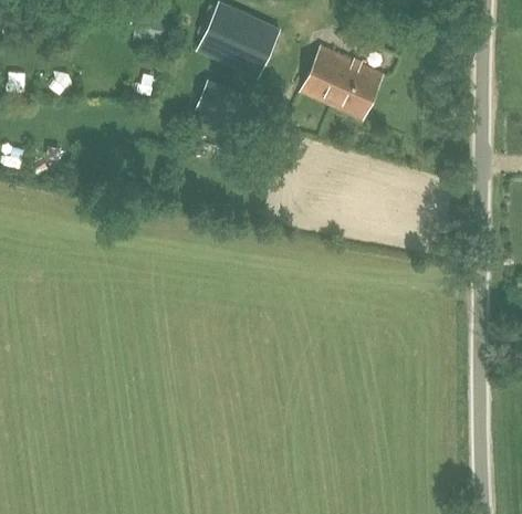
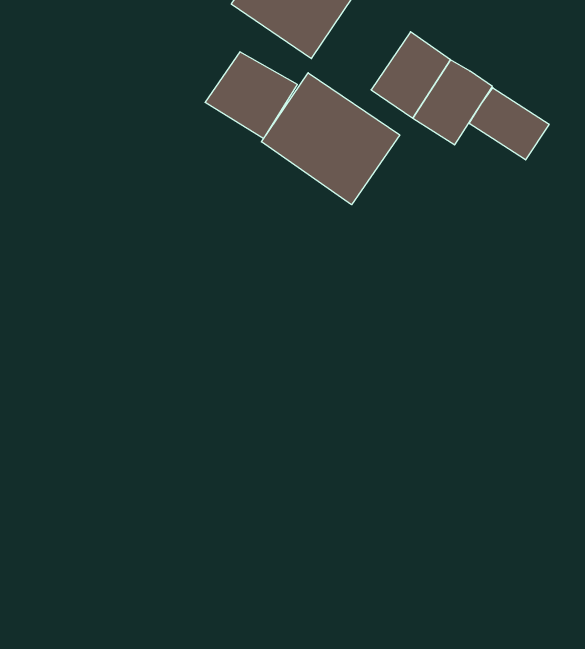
building: none -> [469,88,549,160]
building: none -> [261,73,400,205]

